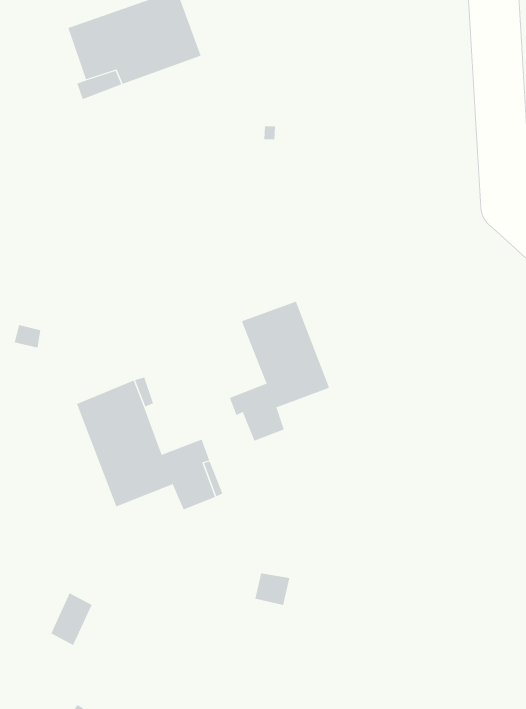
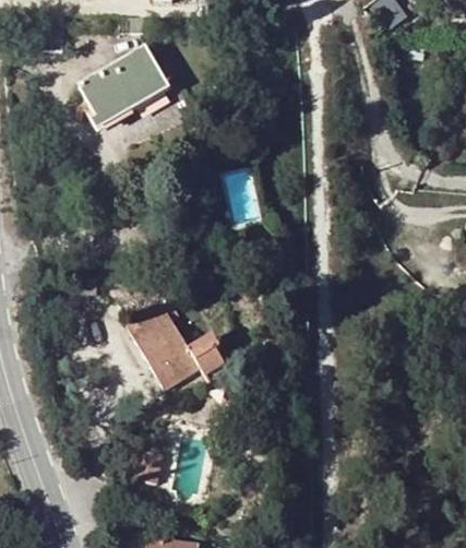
building: [229,301,330,441] -> none

